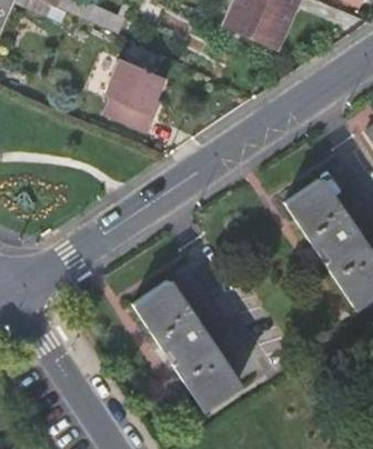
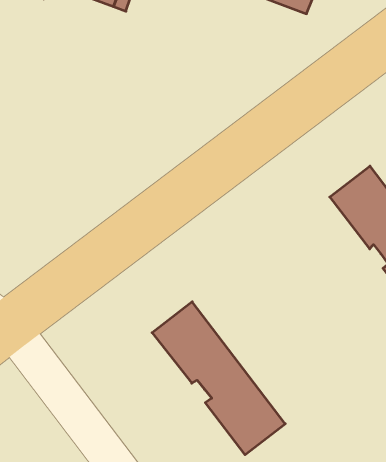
building: [105,61,164,134] -> none

